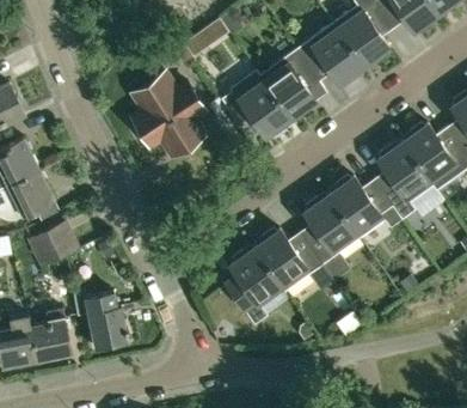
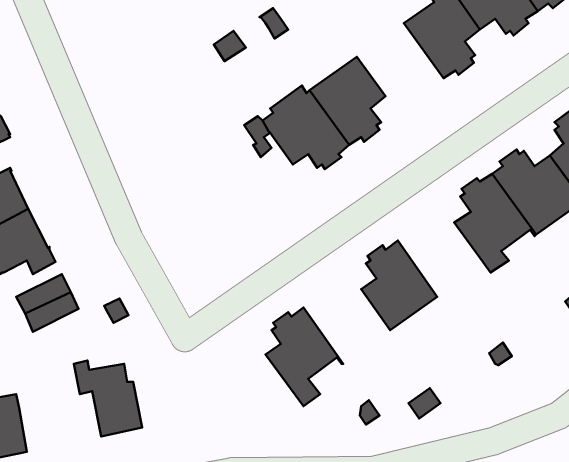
building: [296,23,364,85] -> none
building: [131,73,204,156] -> none
building: [328,175,392,238] -> none
building: [254,227,322,291] -> none
building: [31,307,72,360] -> none

